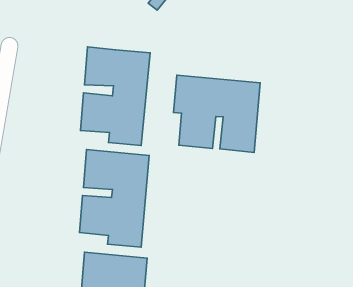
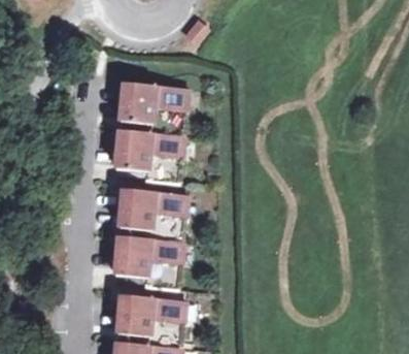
building: [173,75,260,152] -> none

